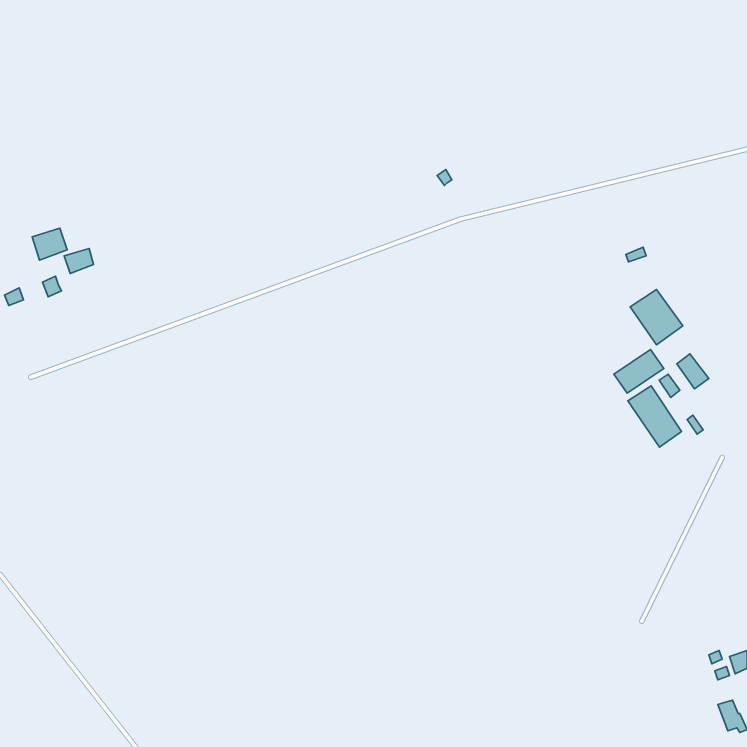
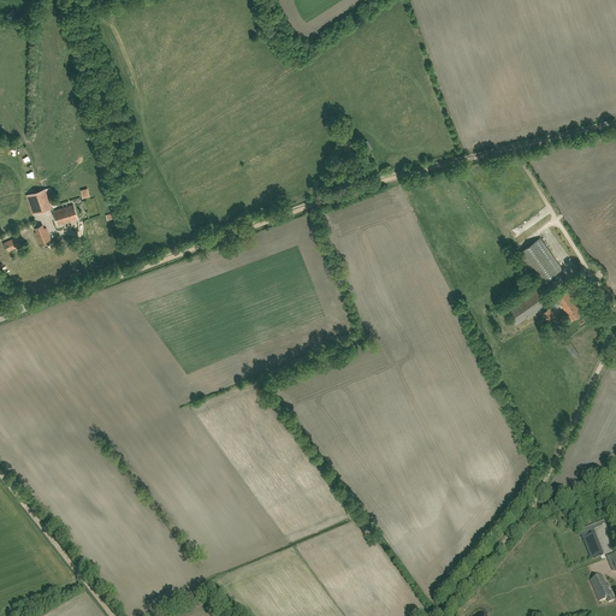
building: [628,386,681,447] -> none

